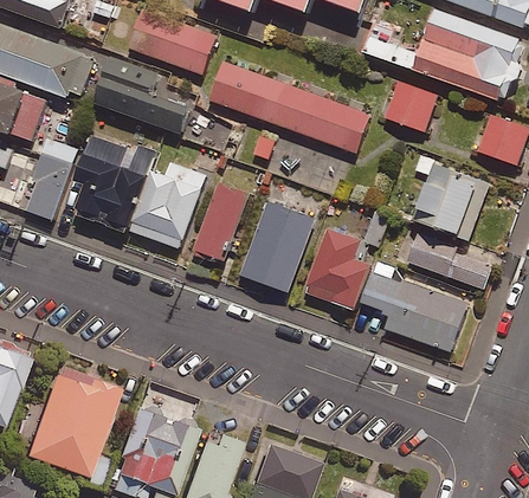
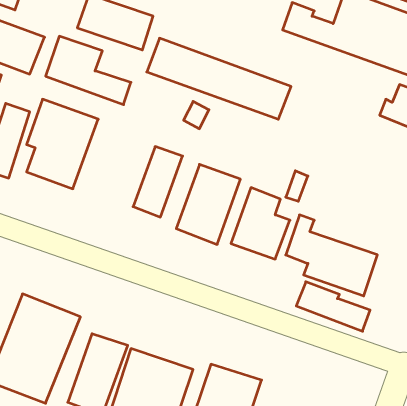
building: [385,82,436,132] -> none
building: [409,153,486,242] -> none
building: [129,162,204,248] -> none
building: [406,234,489,290] -> [296,282,370,331]

